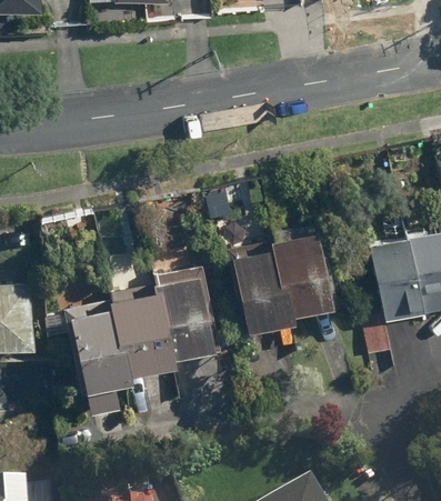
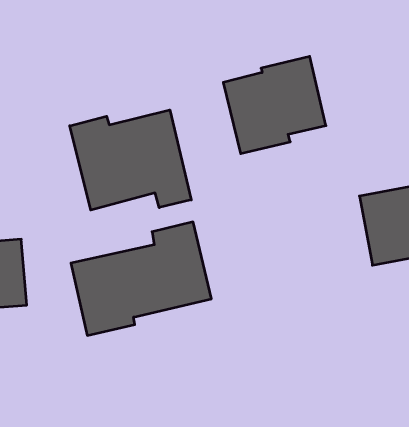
building: none -> [70,110,191,210]
building: [234,226,340,325] -> [223,56,326,154]

